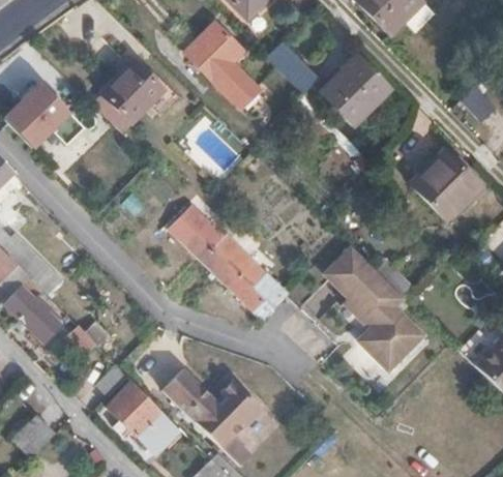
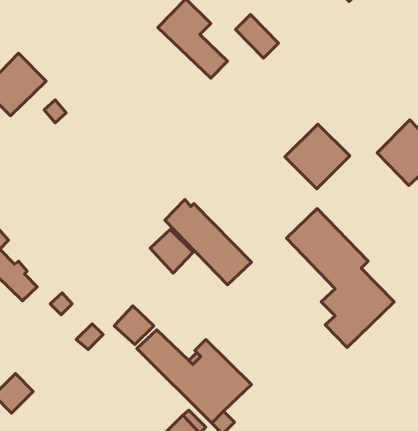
building: [100,58,164,121] -> none
building: [321,58,388,125] -> [285,124,350,189]
building: [169,209,213,255] -> [150,229,193,273]
building: [108,380,178,451] -> none

